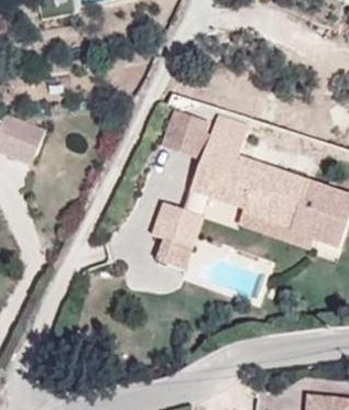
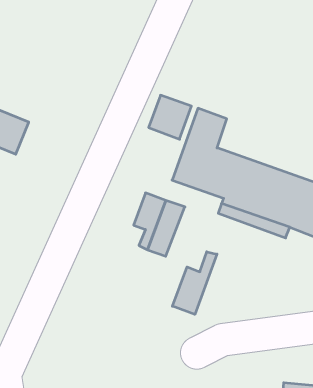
building: none -> [172,252,217,314]

